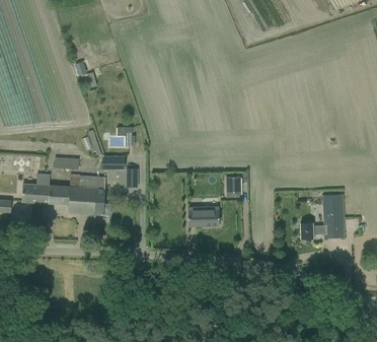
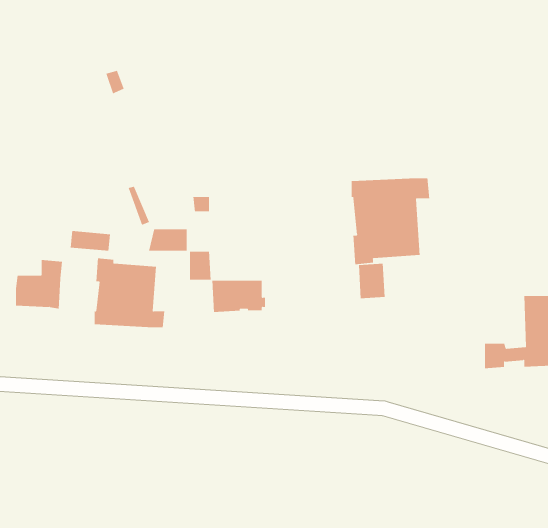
building: none -> [351,177,430,265]
building: [48,186,71,205] -> none
building: [187,208,220,227] -> [211,280,266,313]

